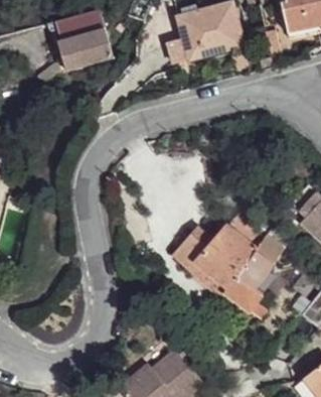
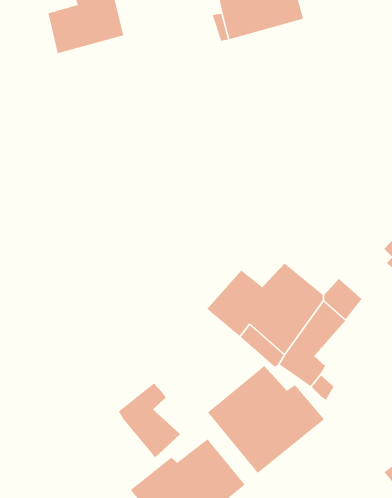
building: none -> [207,365,325,474]
building: none -> [118,382,180,458]

